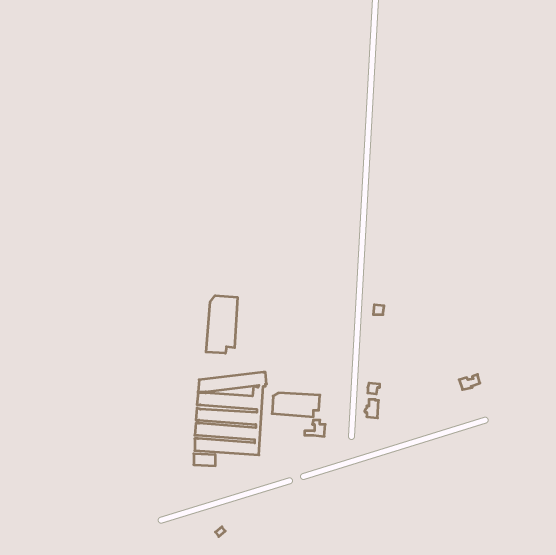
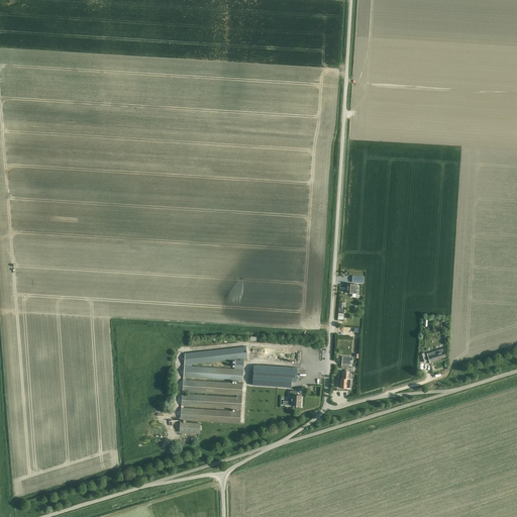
building: [206,296,237,353] -> none

